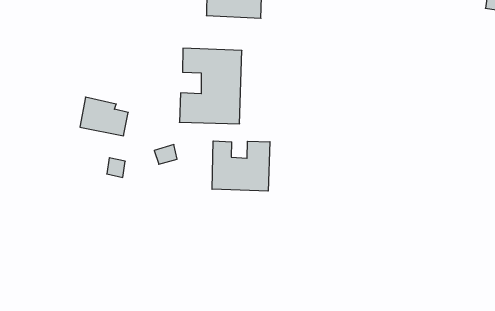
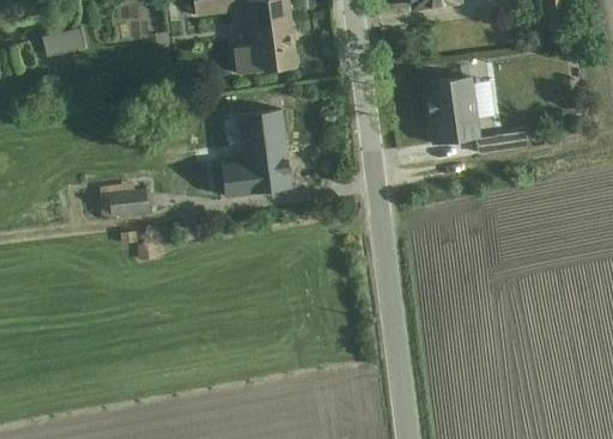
building: none -> [424,75,480,145]
building: [212,141,270,191] -> none

